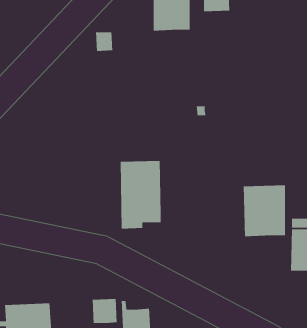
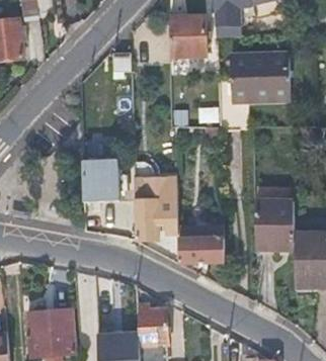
building: none -> [230,56,288,102]
building: none -> [82,162,118,201]
building: none -> [177,228,225,263]

